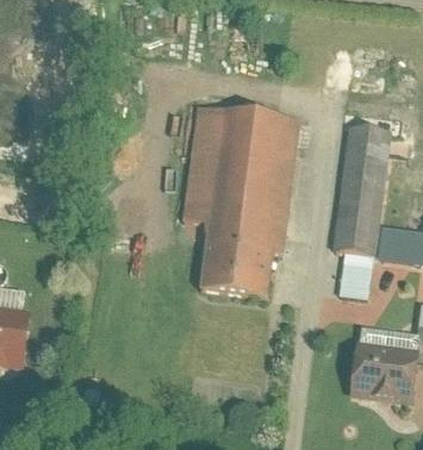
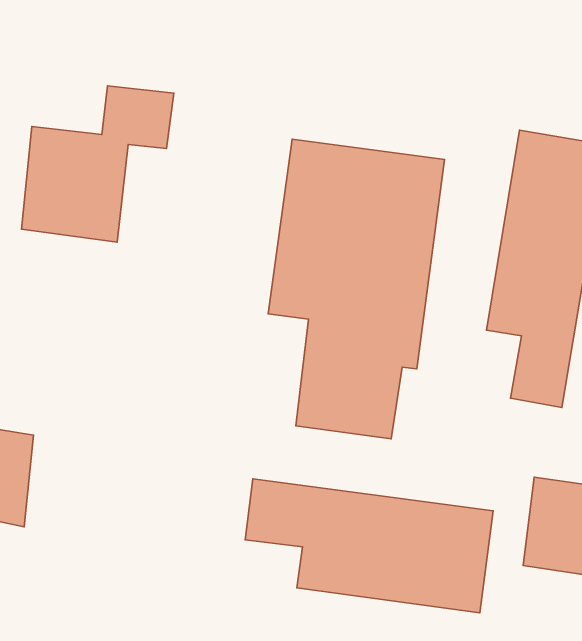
building: none -> [21,86,174,242]
building: none -> [245,479,493,613]

